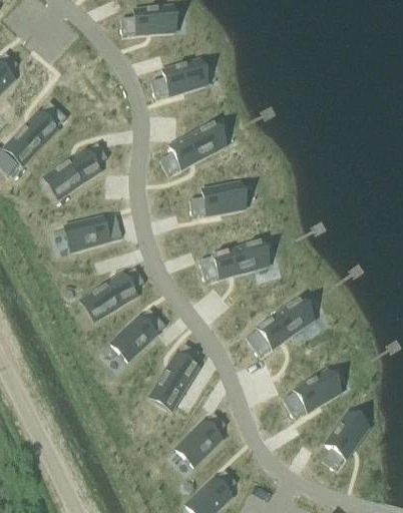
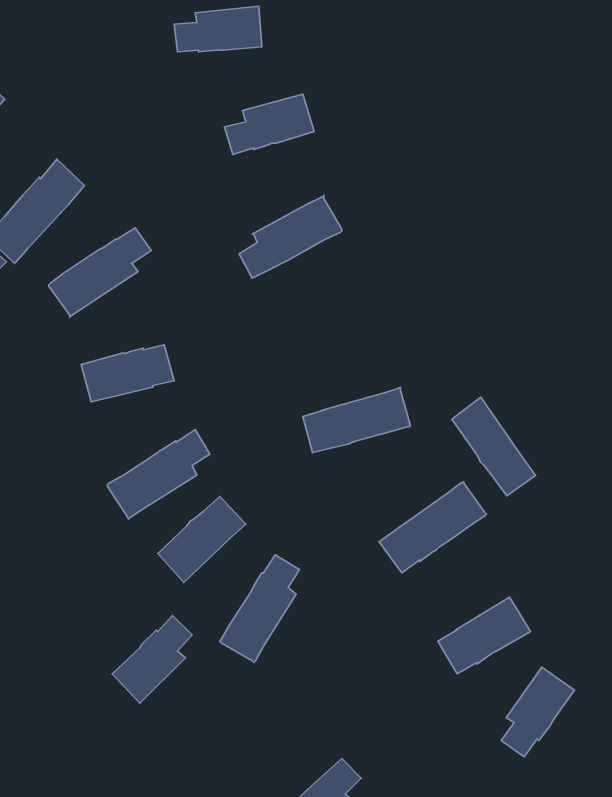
building: [191,183,246,215] -> none
building: none -> [452,397,536,496]
building: [177,413,227,467] -> [112,615,192,703]

